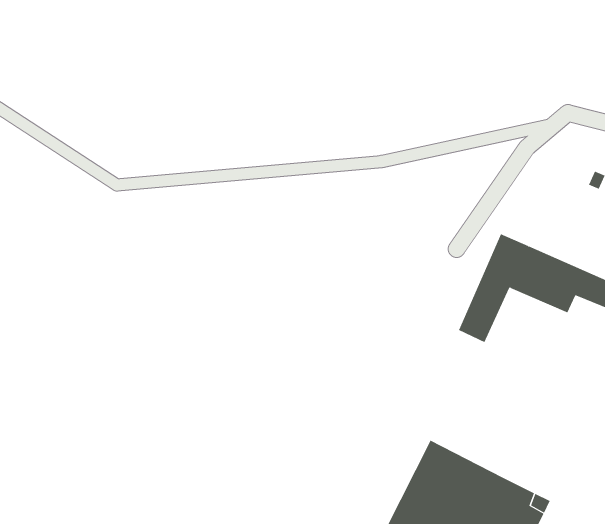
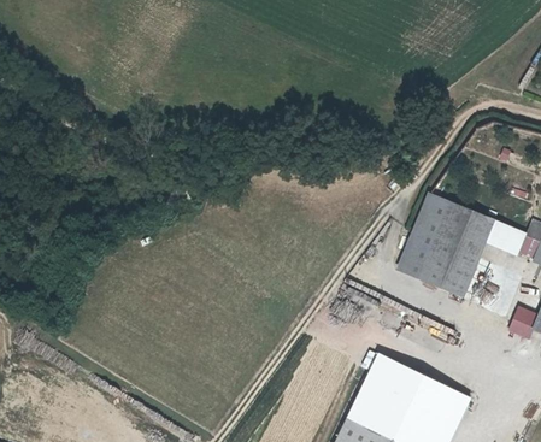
building: none -> [421,236,484,297]

